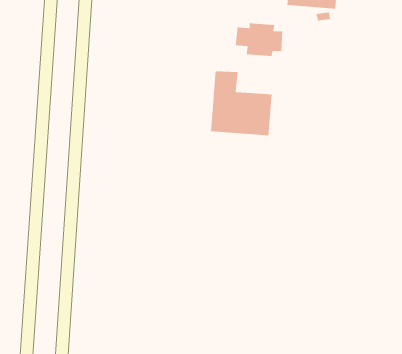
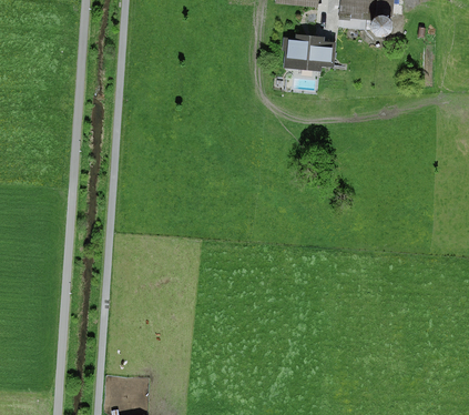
building: [210,71,272,136] -> none

